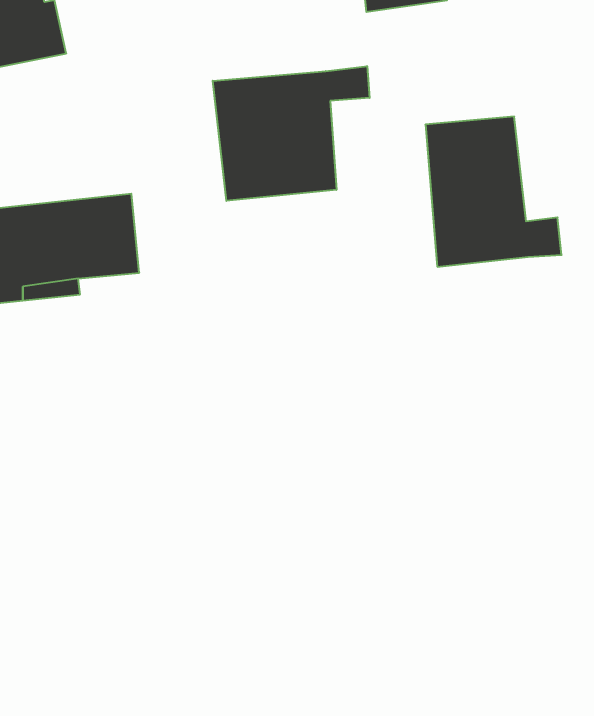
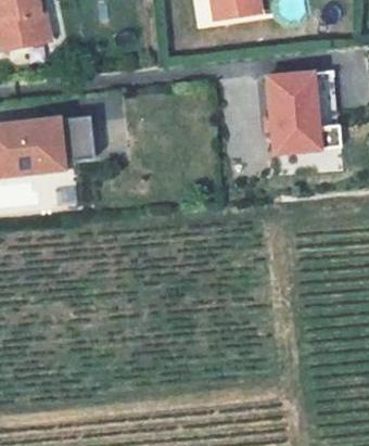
building: [213,66,370,201] -> none

